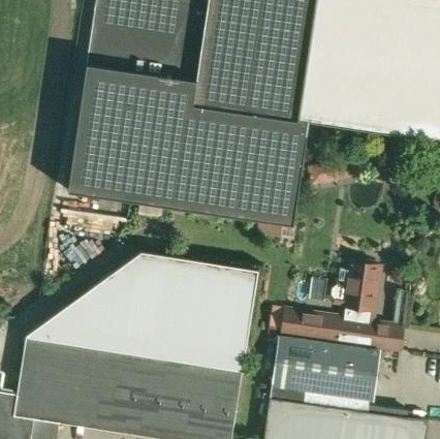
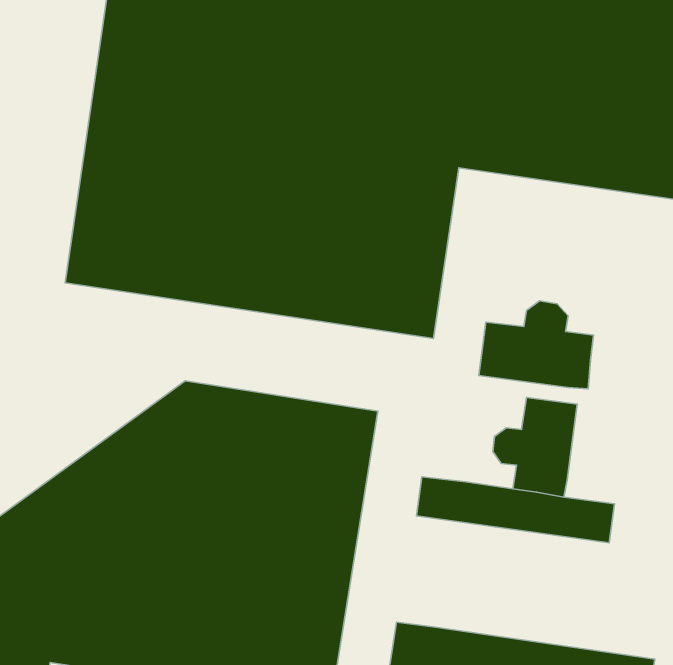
building: none -> [479,301,593,389]
building: [271,337,379,402] -> none

